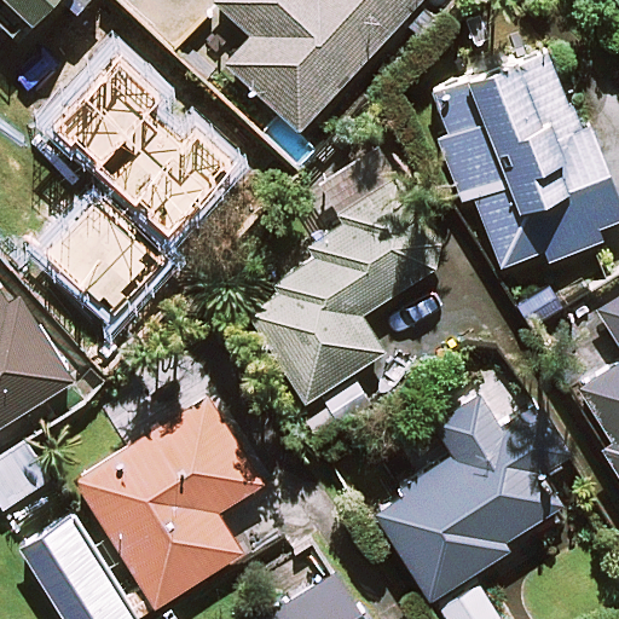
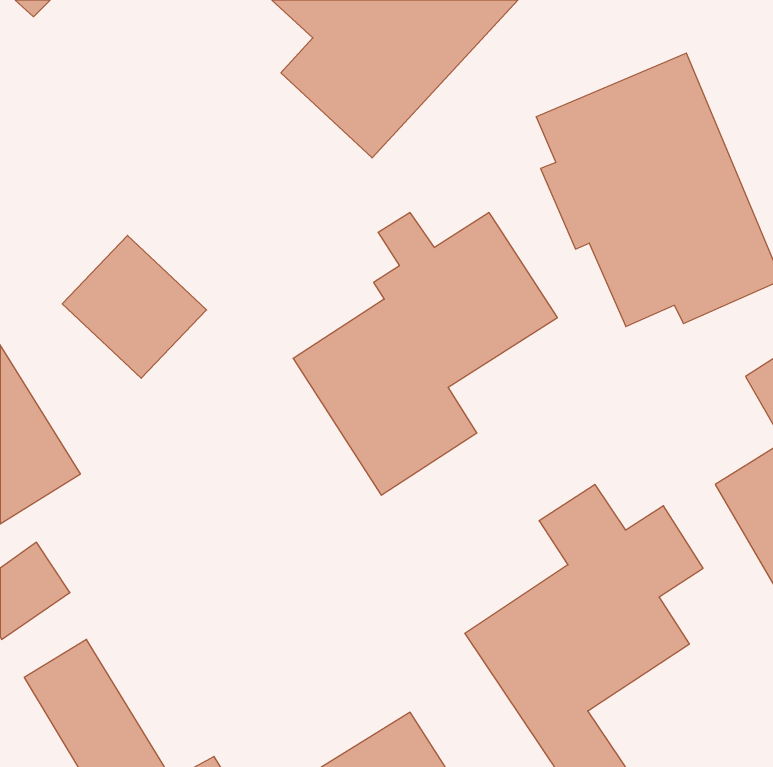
building: [53,47,228,221] -> none
building: [77,400,260,607] -> none

